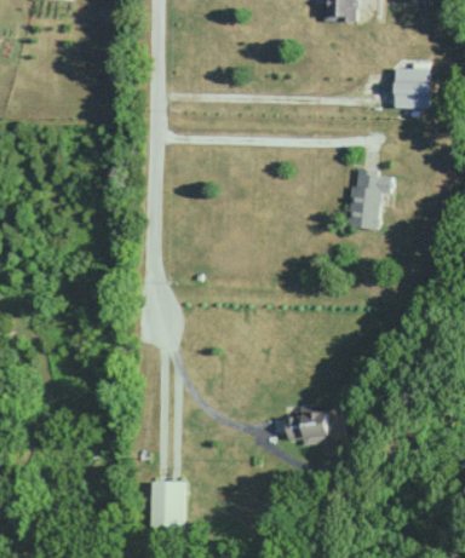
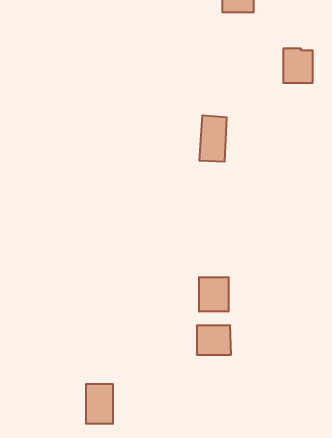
building: [350,171,384,228] -> [199,115,227,162]
building: none -> [199,277,228,312]

